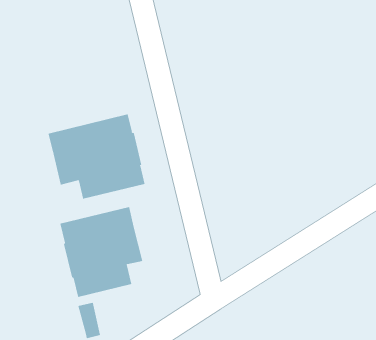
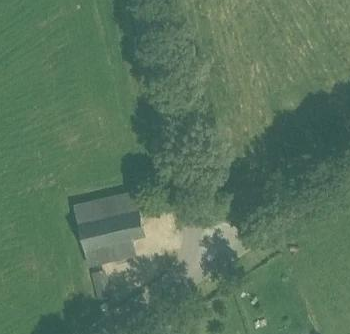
building: [48,113,145,200] -> none

